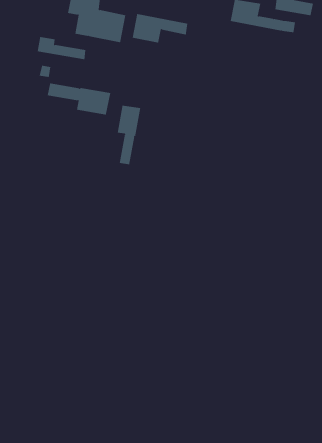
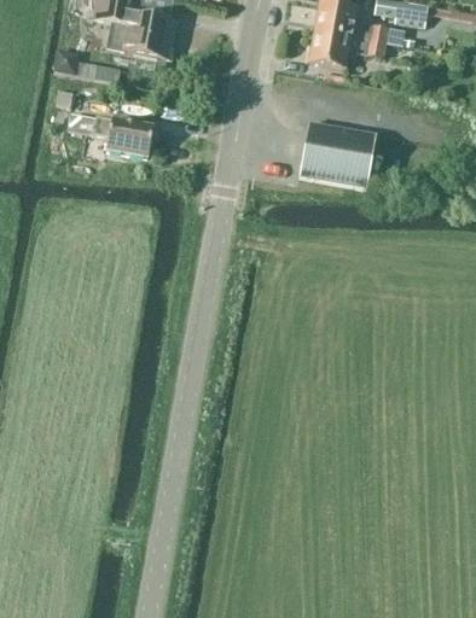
building: [132,14,188,43] -> [308,29,384,69]
building: none -> [298,122,376,188]
building: [117,105,141,165] -> none

